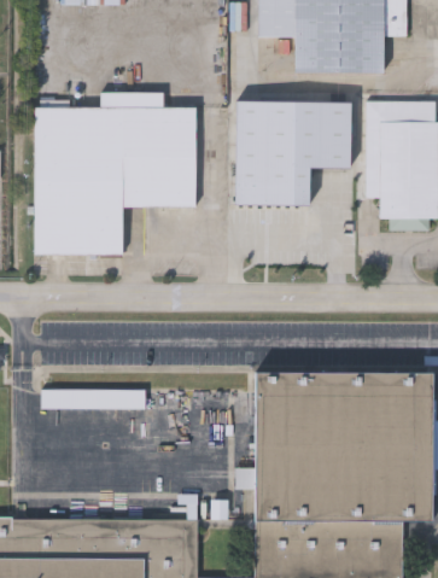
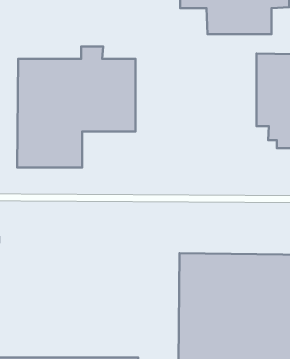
building: [234,98,350,208] -> none
building: [45,390,146,409] -> none

